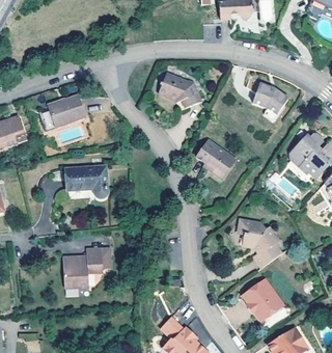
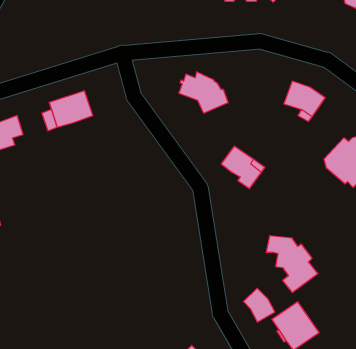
building: [66,166,108,198] -> none
building: [63,249,103,287] -> none
building: none -> [243,288,275,322]

